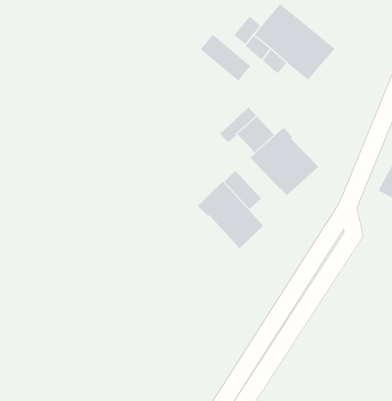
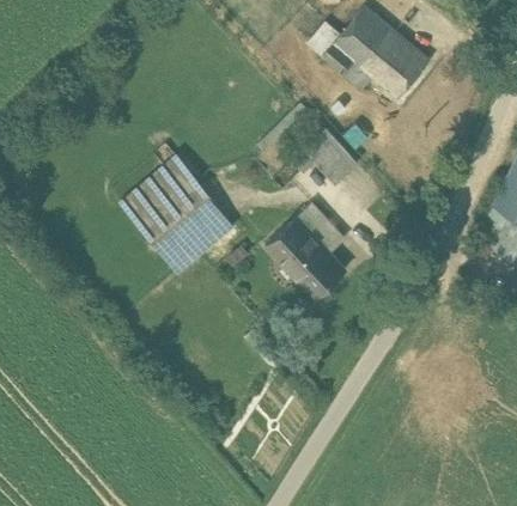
building: [200,34,251,82] -> none
building: [250,127,319,196] -> none
building: none -> [122,157,231,270]

